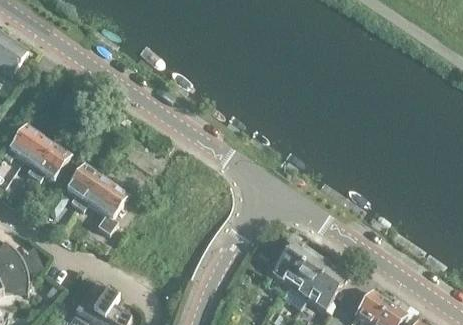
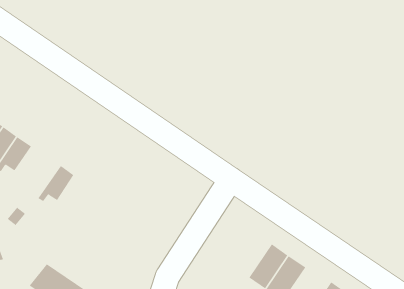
building: [66,163,99,206] -> none
building: [96,183,128,234] -> none
building: [271,240,312,286] -> none

